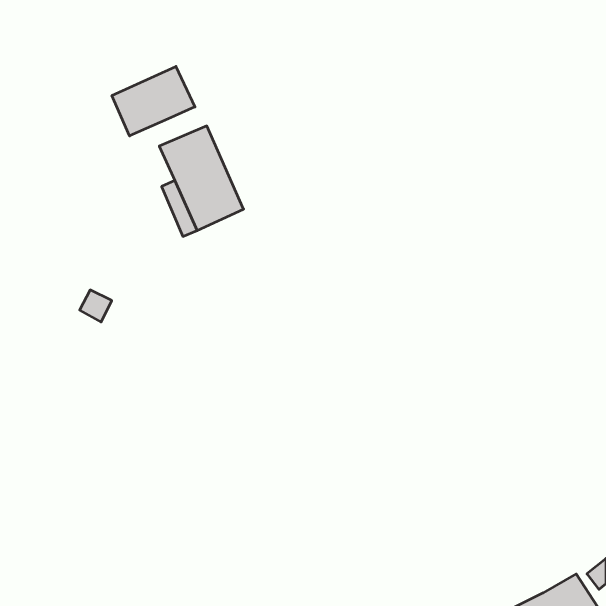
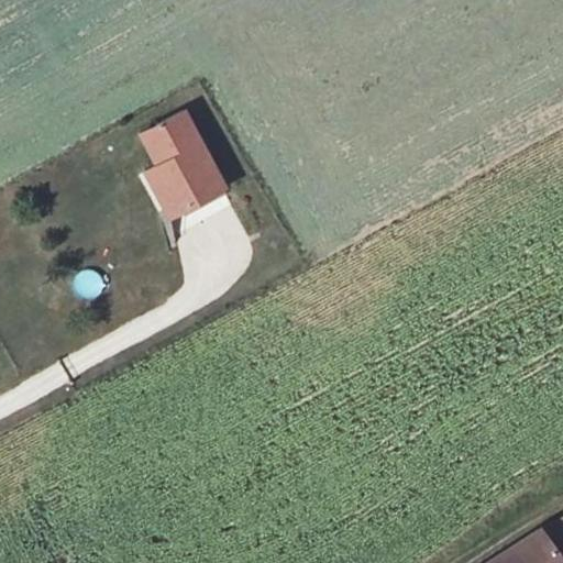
building: [112,66,195,136] -> none

